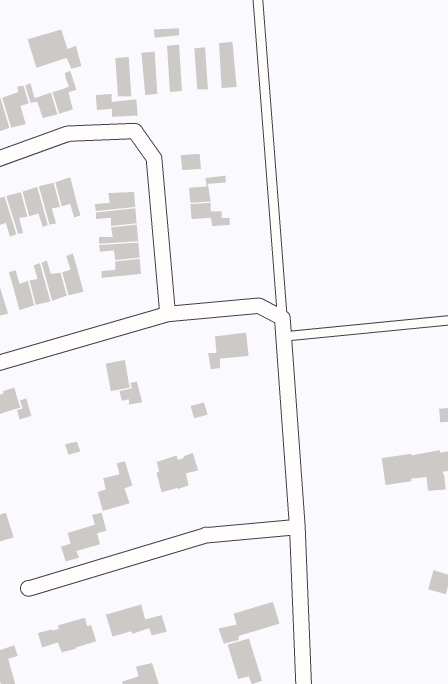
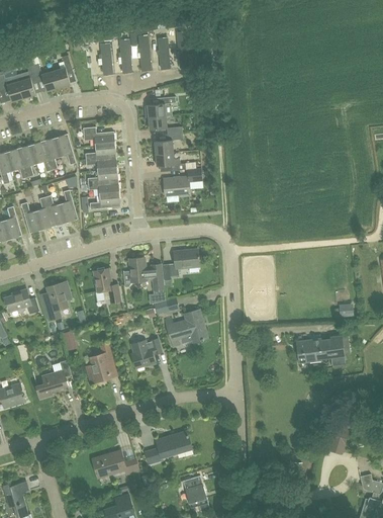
building: [27,29,82,70] -> none
building: [95,93,139,118] -> [82,127,114,146]
building: none -> [145,97,175,117]
building: none -> [163,169,201,196]
building: none -> [122,260,163,299]
building: none -> [42,282,69,322]
building: none -> [165,309,207,346]
building: [60,512,108,562] -> [35,360,71,398]
building: [218,601,280,645] -> [145,431,191,463]
building: [37,617,97,653] -> none

